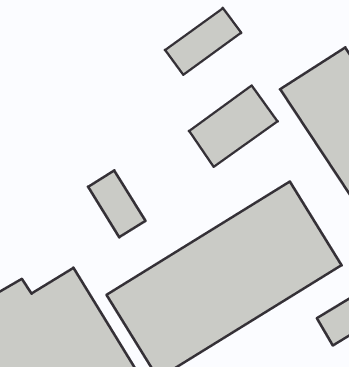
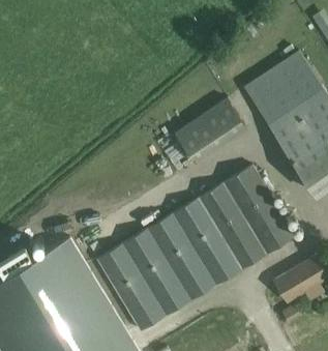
building: [165,8,241,75] -> none
building: [88,170,145,237] -> none

